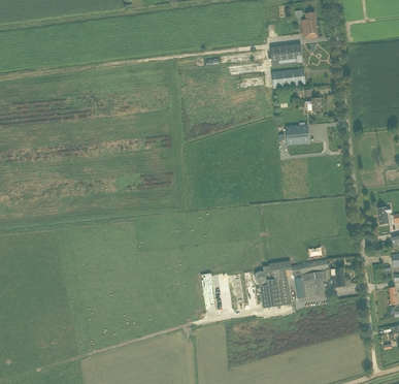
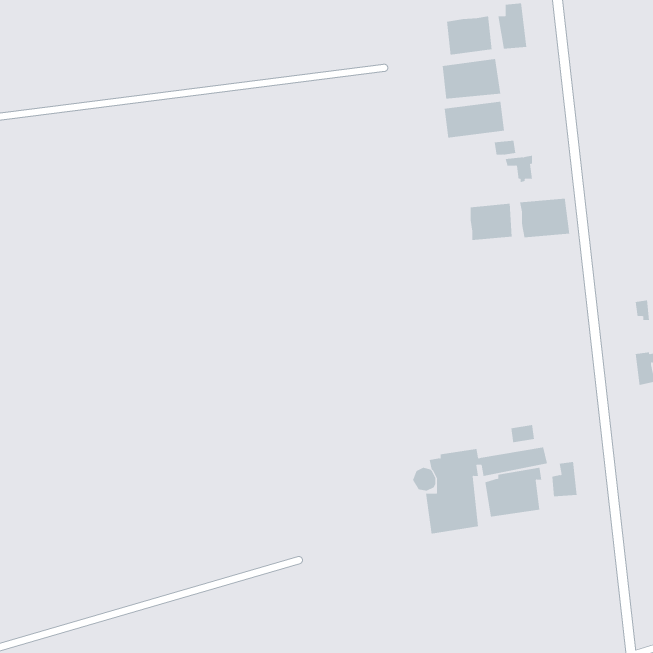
building: none -> [446,16,492,56]
building: none -> [520,198,570,238]

